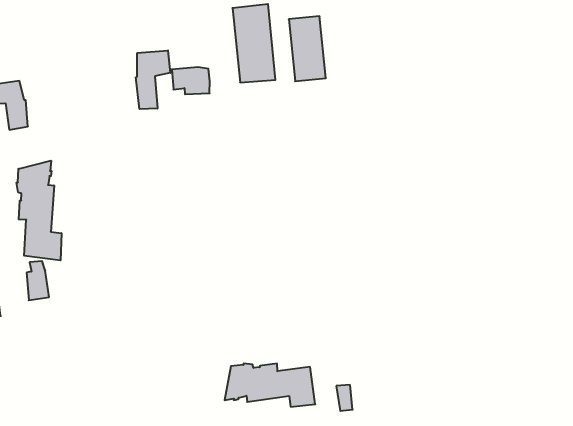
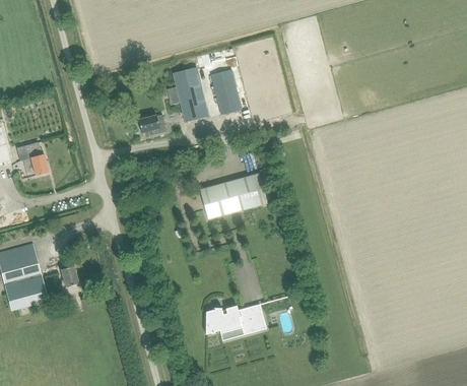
building: [136,50,170,109] -> none
building: [16,161,61,260] -> none
building: none -> [199,172,267,218]

